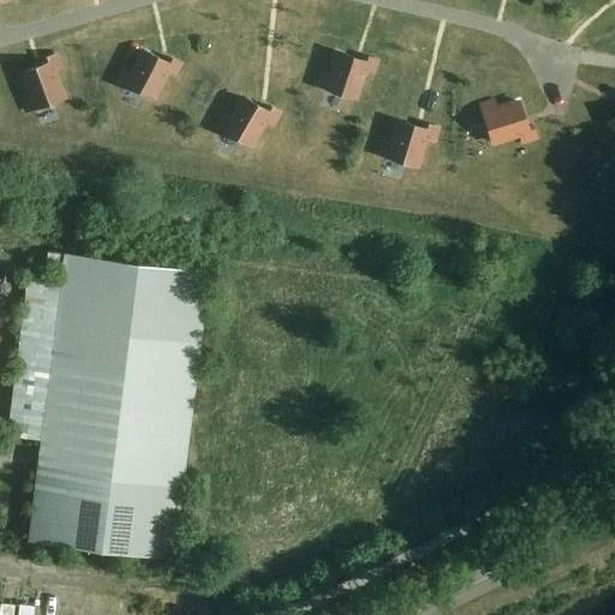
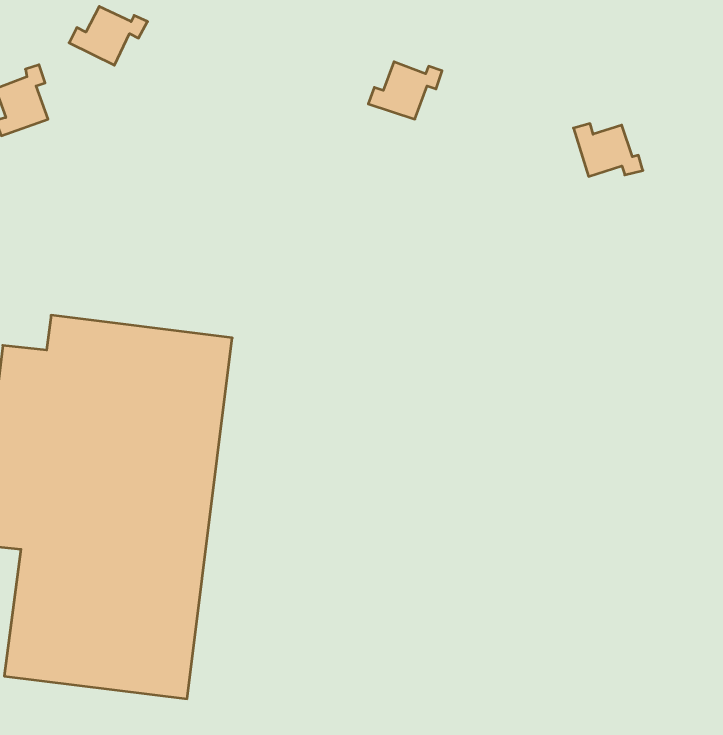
building: [118,52,180,98] -> [69,6,148,65]
building: [216,98,280,147] -> none
building: [378,123,437,167] -> none

